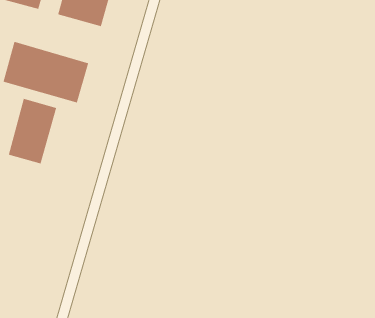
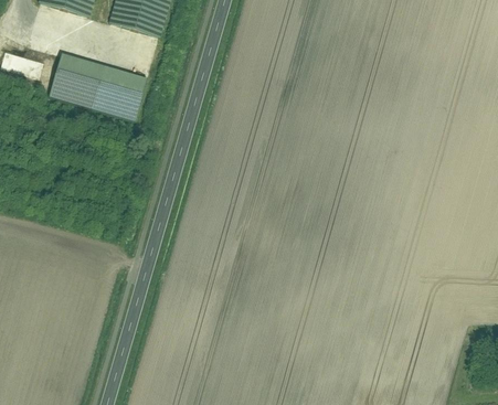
building: [8,98,57,164] -> none

